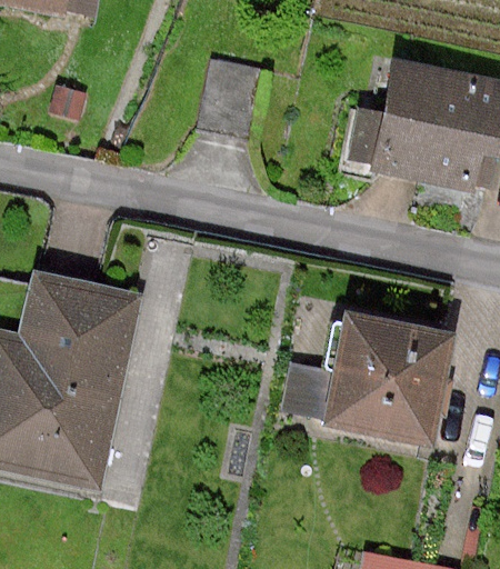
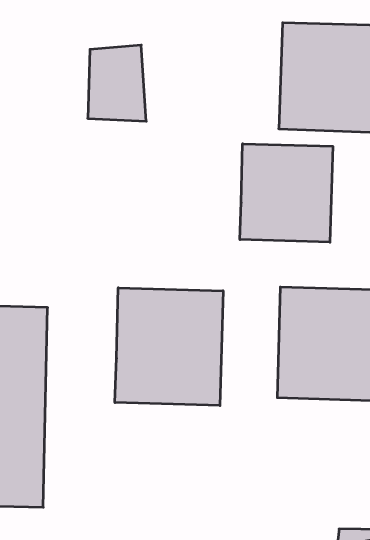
building: none -> [240,144,333,242]
building: none -> [115,288,223,406]

